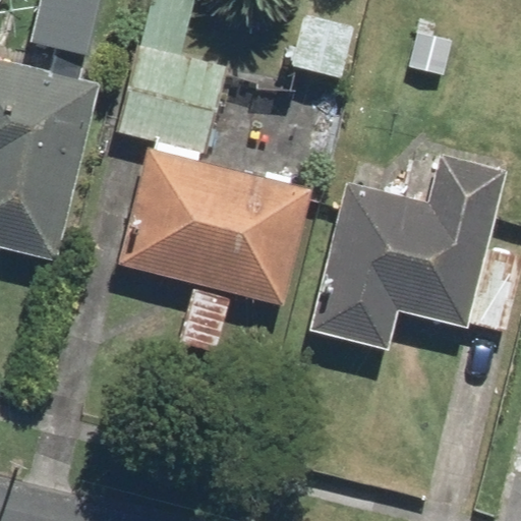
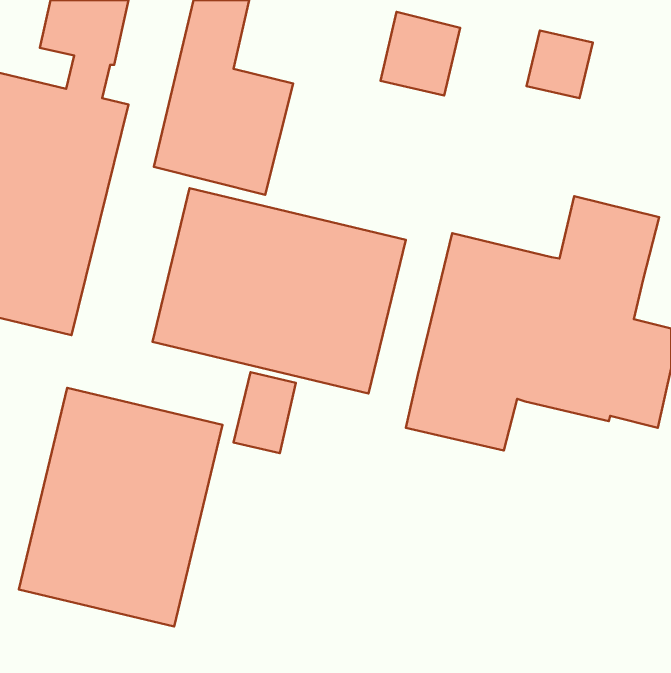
building: none -> [19,388,222,626]

